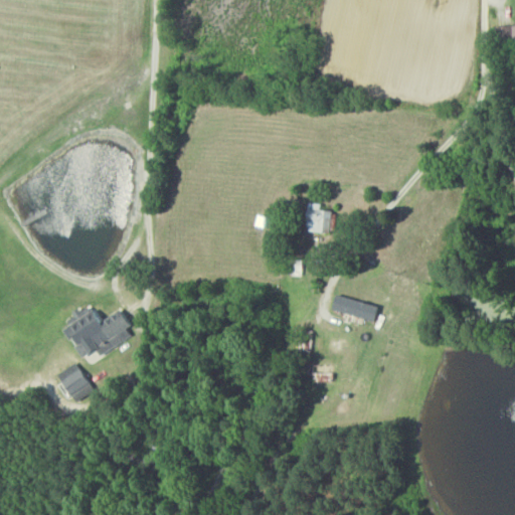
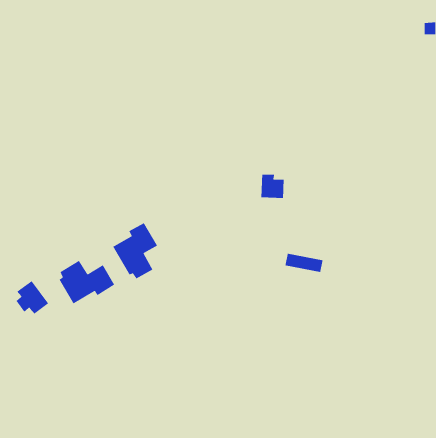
building: none -> [112,222,158,280]
building: [56,363,96,403] -> [15,280,49,315]

